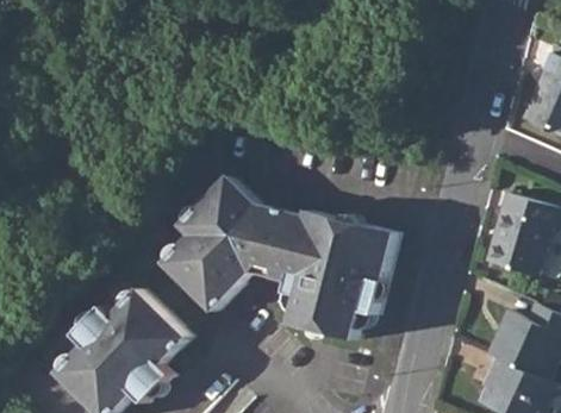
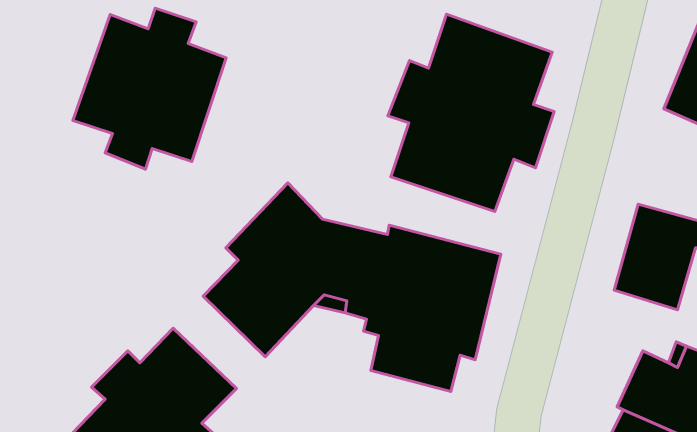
building: none -> [73,8,226,169]
building: none -> [388,14,554,212]

